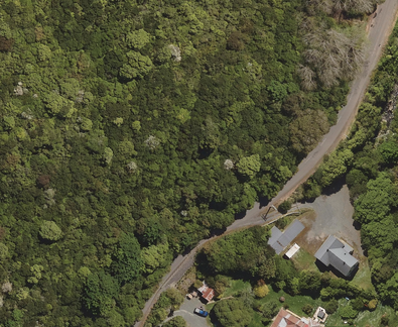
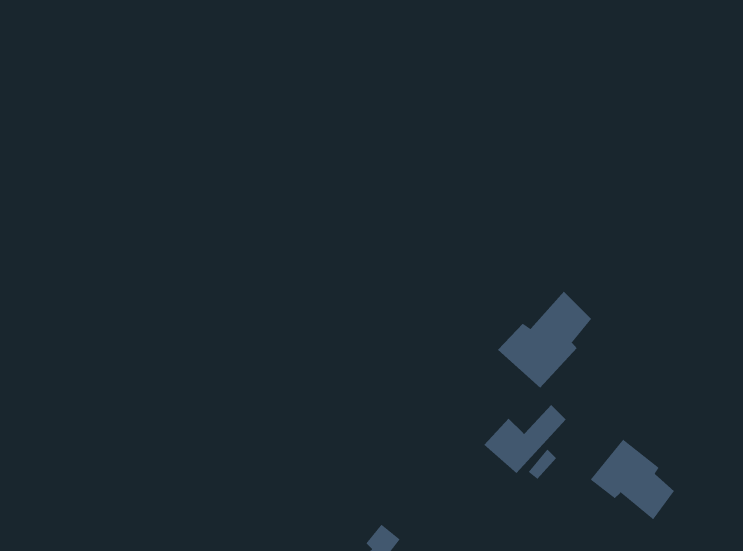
building: none -> [497,291,592,389]

